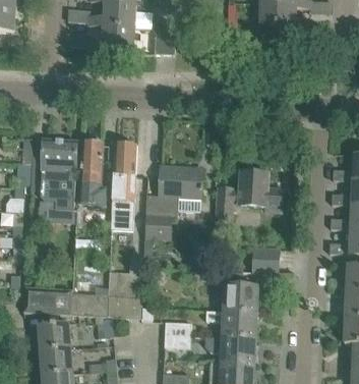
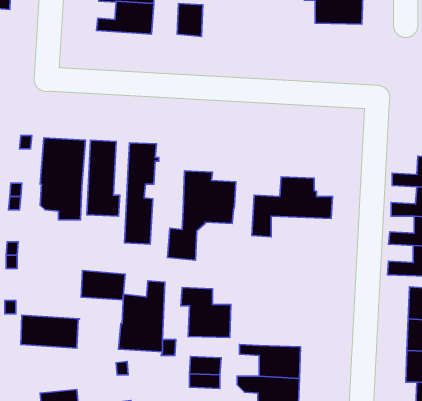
building: [251,246,279,272] -> none
building: [216,271,257,313] -> [181,288,231,338]
building: [70,290,107,315] -> [81,270,125,300]
building: [38,322,70,351] -> none

